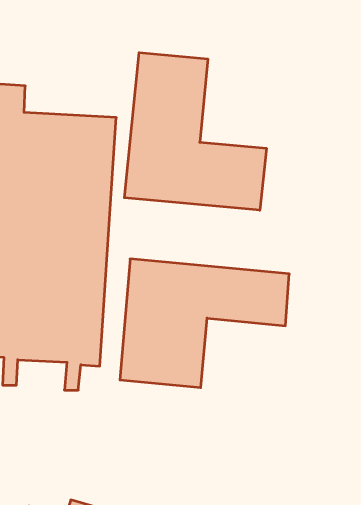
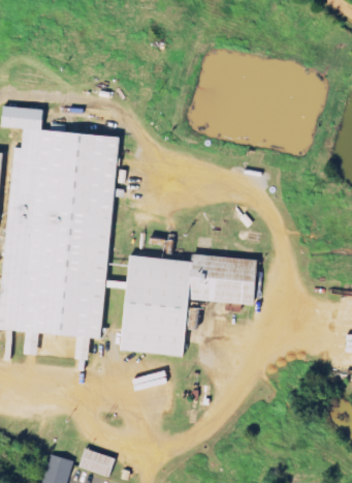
building: [124,53,266,210] -> none

